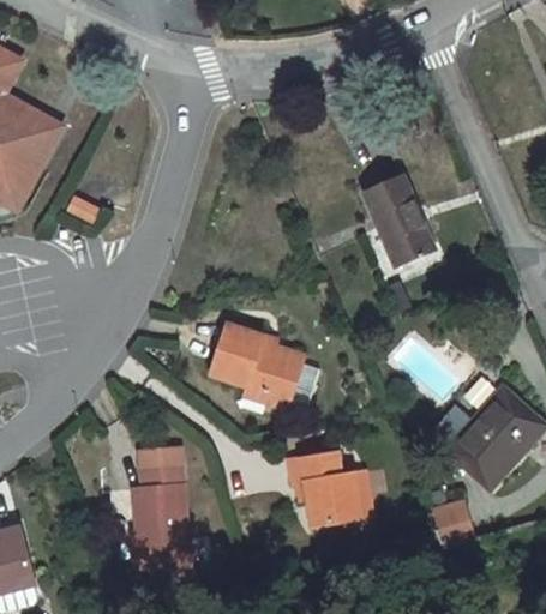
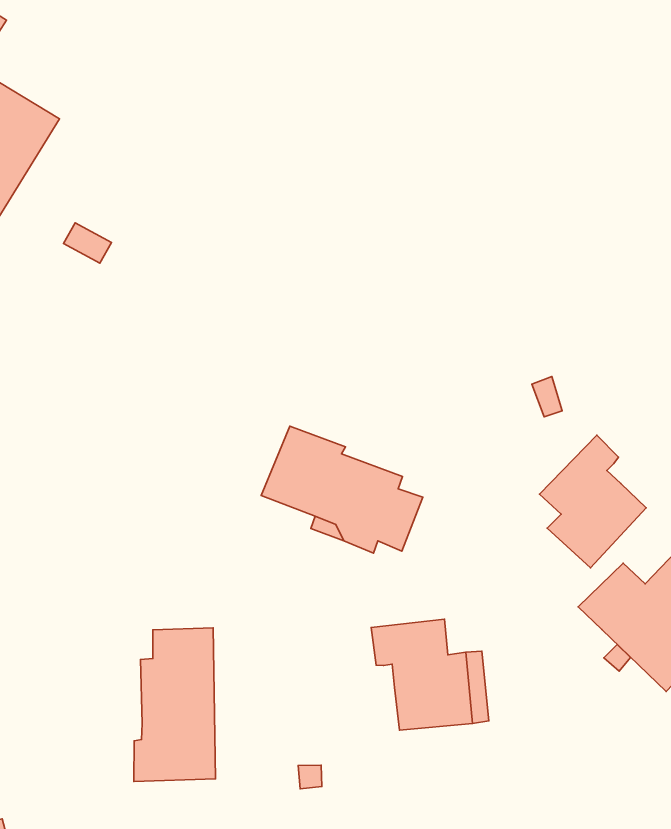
building: [365,175,433,263] -> none
building: none -> [540,435,646,568]
building: [428,500,472,543] -> none

